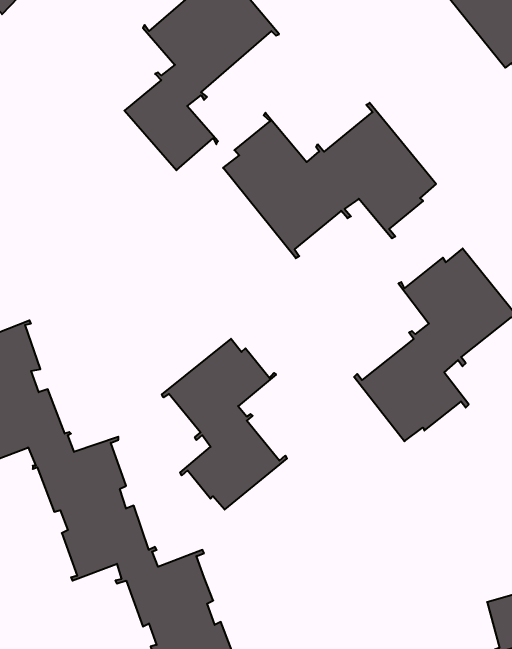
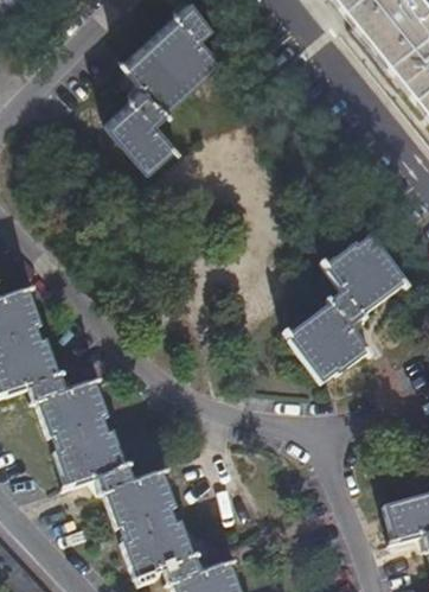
building: [223,103,436,258] -> none
building: [162,339,287,510] -> none

